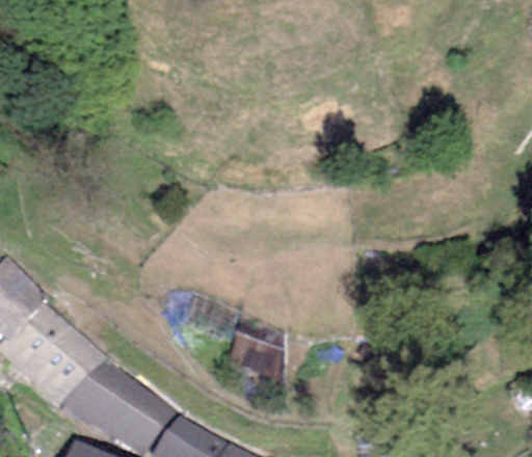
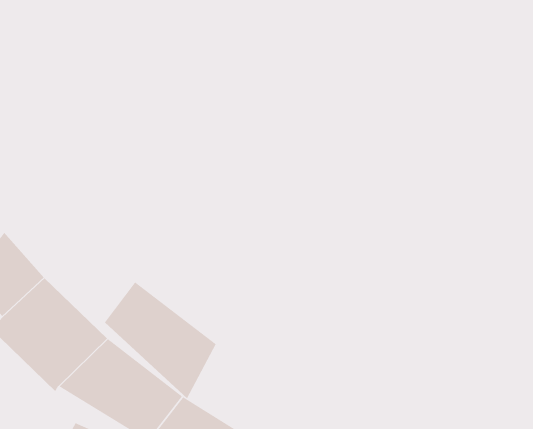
building: none -> [104,281,216,399]

